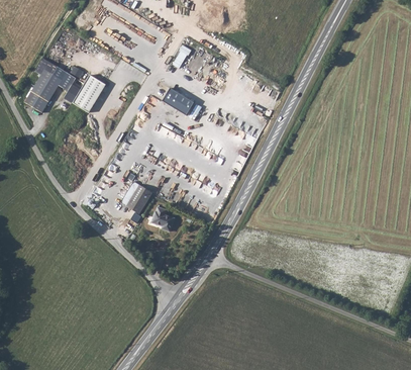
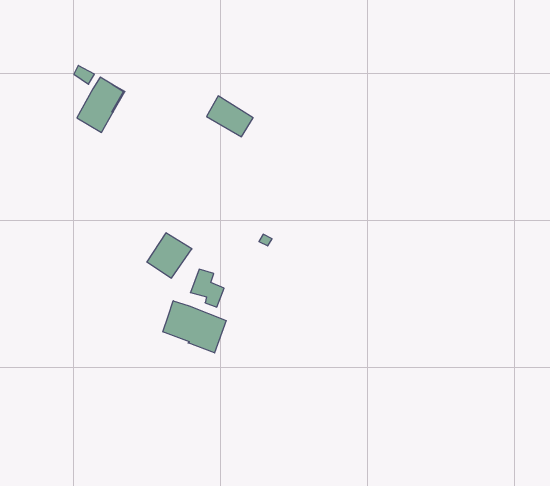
building: [24,70,62,112] -> none
building: none -> [163,301,226,353]

